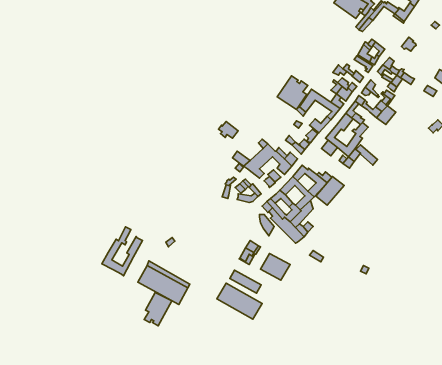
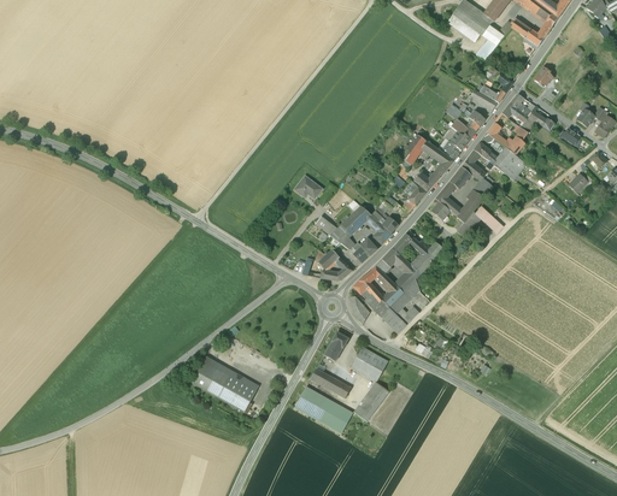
building: [277,76,308,109] -> none
building: [316,177,344,205] -> none
building: [102,227,143,276] -> none
building: none -> [354,383,390,423]
building: [144,292,172,326] -> none

